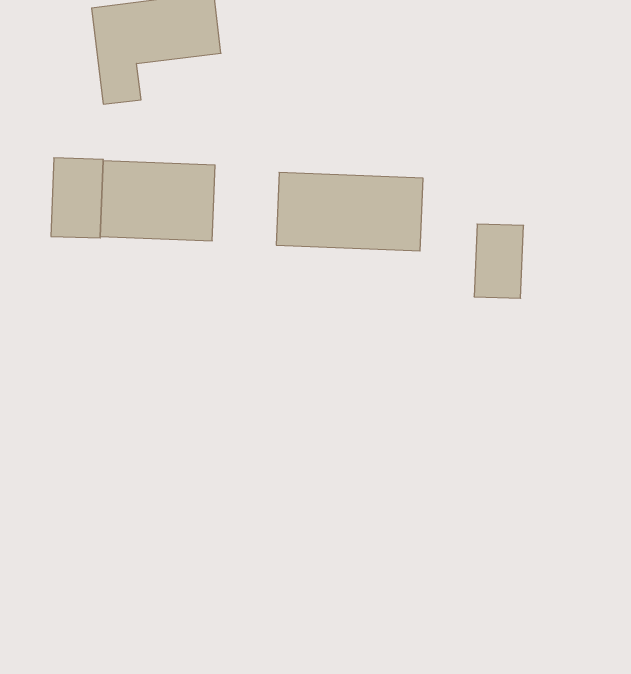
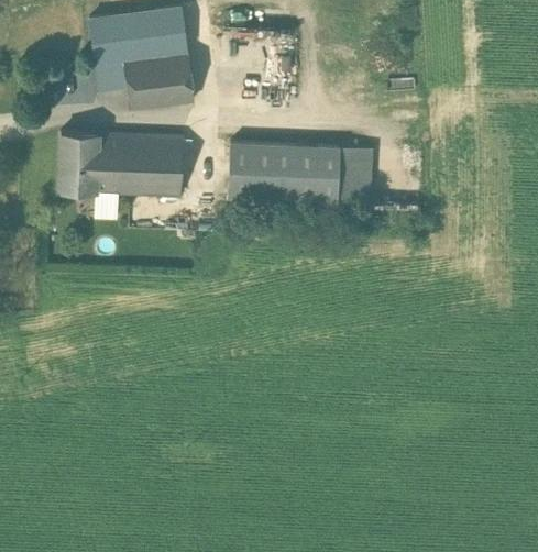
building: none -> [123,53,194,109]
building: [474,224,524,298] -> [338,147,375,203]

